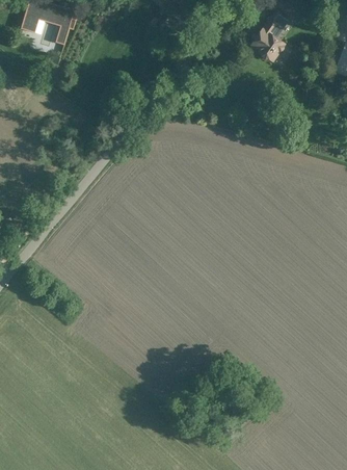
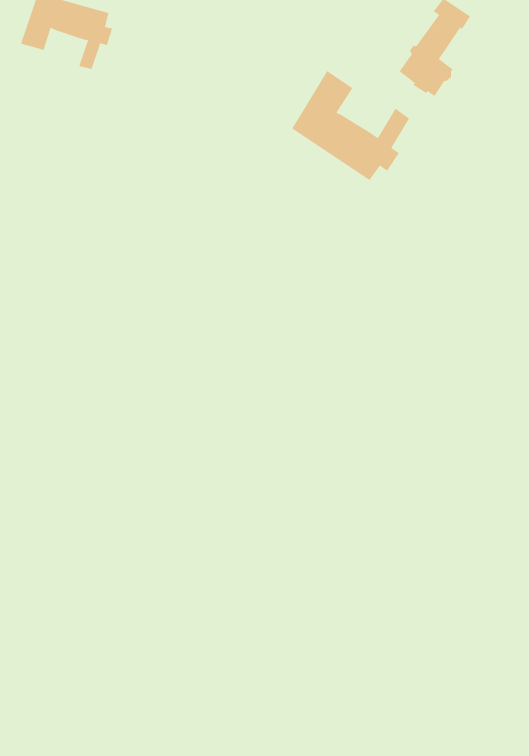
building: none -> [292,70,410,181]

